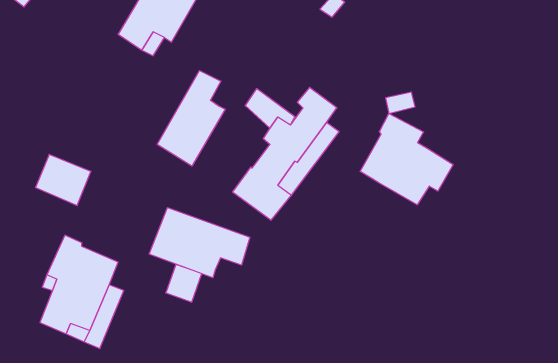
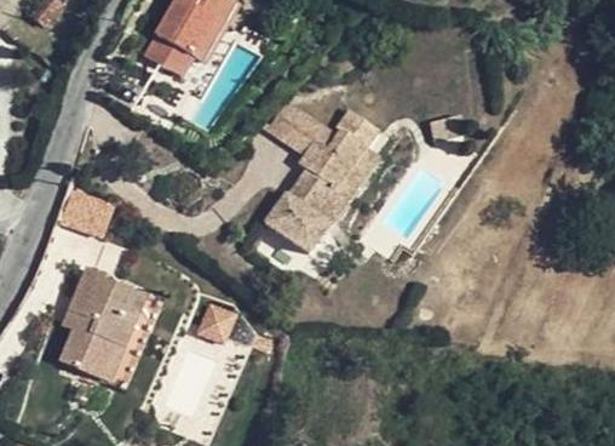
building: [157,71,225,166] -> none
building: [360,114,453,205] -> none
building: [149,208,250,278] -> none

